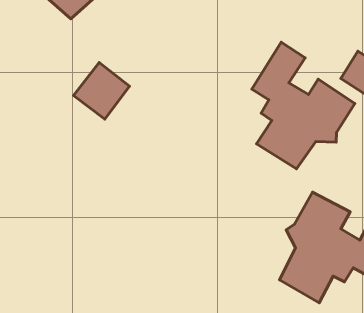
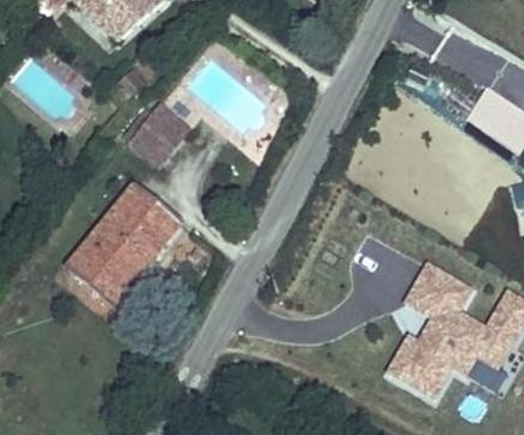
building: [252,42,355,169] -> none
building: none -> [64,180,186,308]

